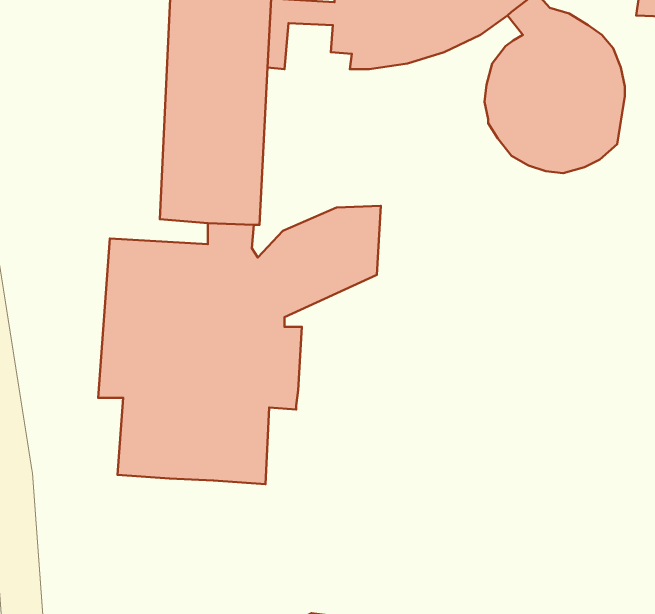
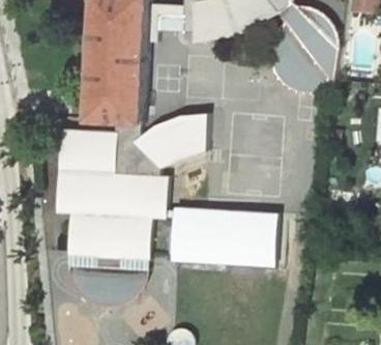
building: none -> [162,209,273,269]
building: none -> [65,260,144,312]

